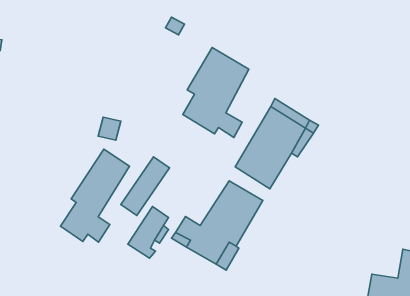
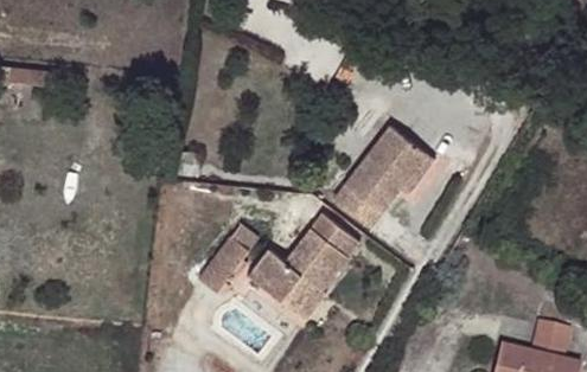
building: [183,47,249,137] -> none
building: [61,149,130,242] -> none

